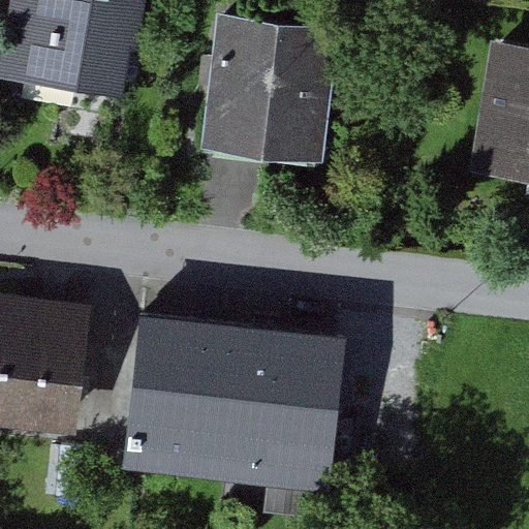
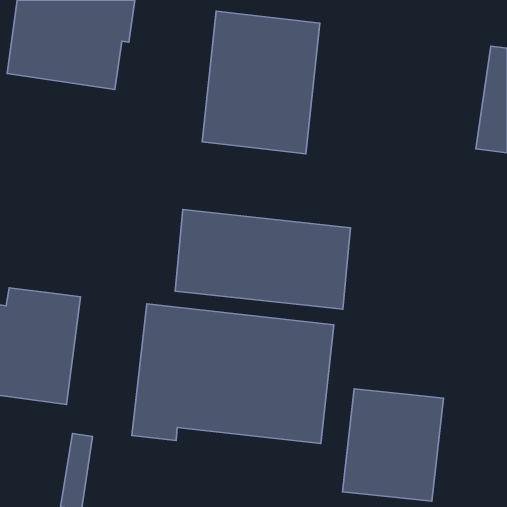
building: none -> [175,210,351,309]
building: none -> [343,389,444,501]

